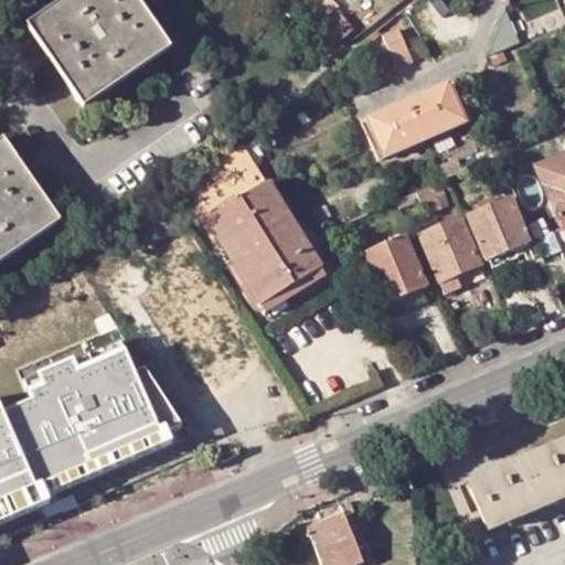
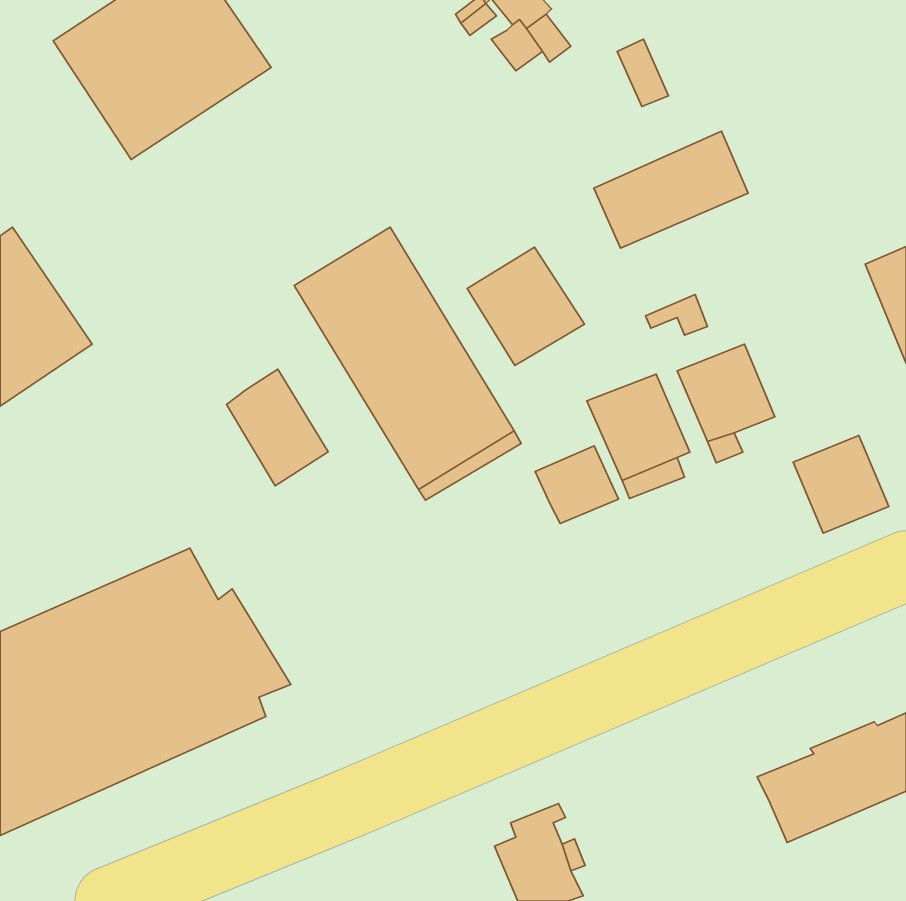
building: none -> [467,247,585,365]
building: [471,194,531,255] -> [793,436,889,533]
building: none -> [226,369,328,486]
building: none -> [535,446,618,524]

